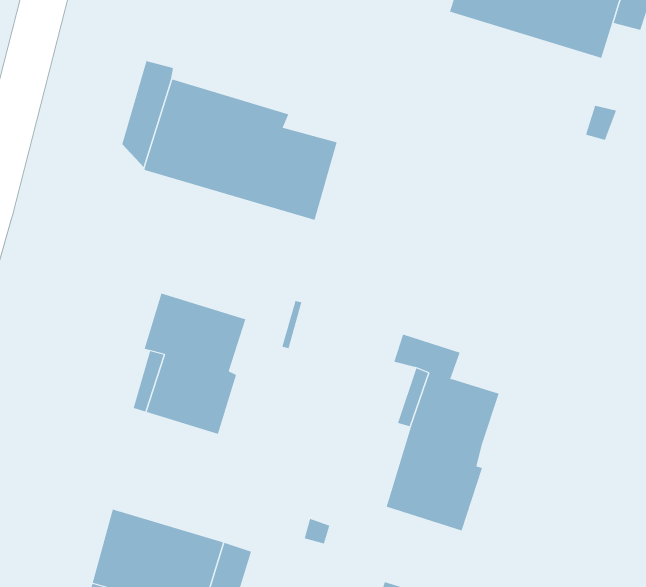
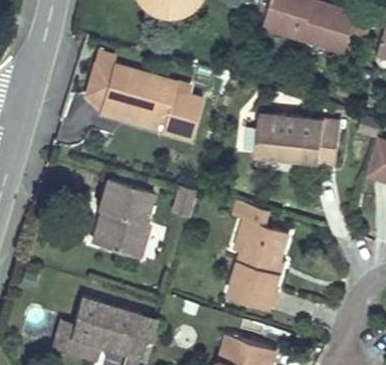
building: none -> [255,113,341,165]

